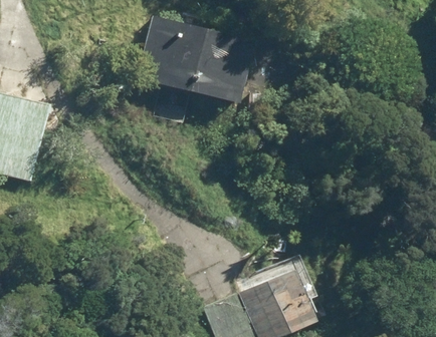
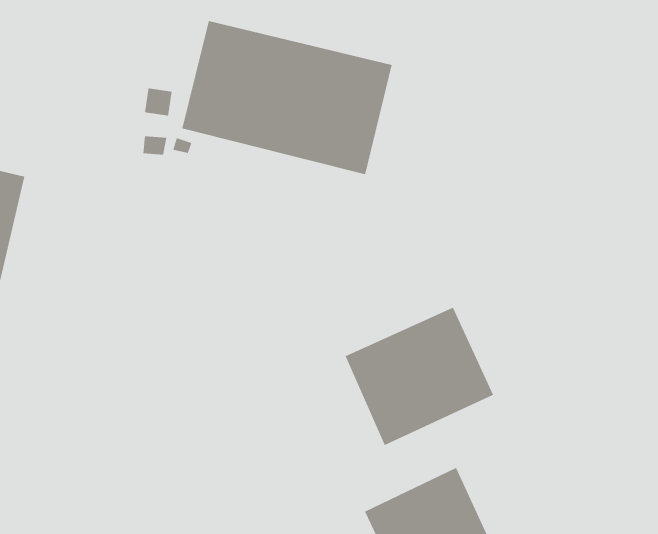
building: none -> [345,307,494,446]

